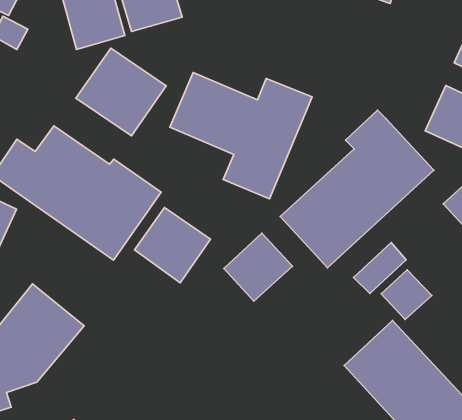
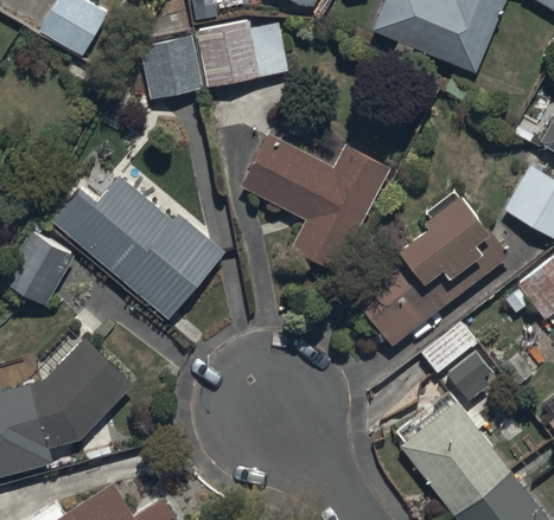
building: [76,48,166,136] -> none
building: [135,207,211,283] -> none
building: [224,233,293,301] -> none

